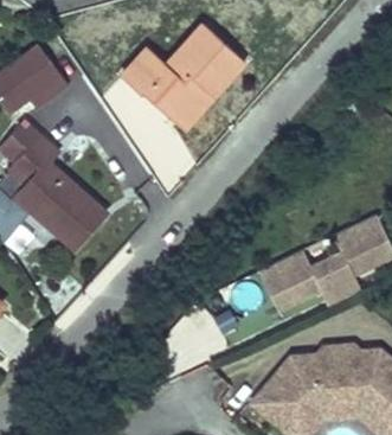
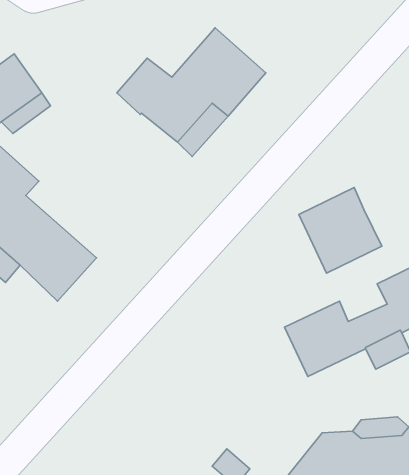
building: none -> [299,188,382,273]

